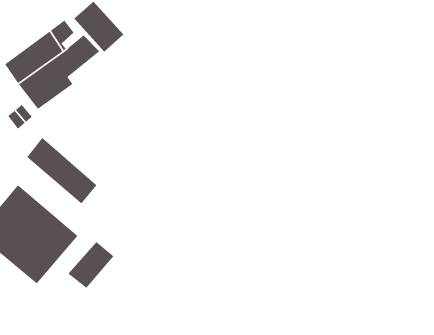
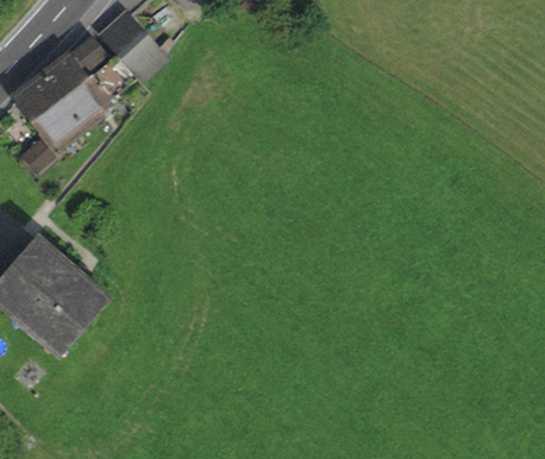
building: [26,137,98,205] -> none
building: [68,241,114,289] -> none

